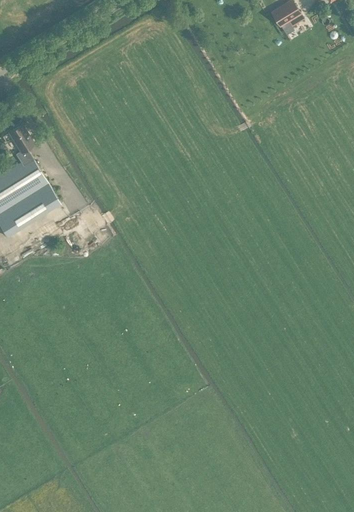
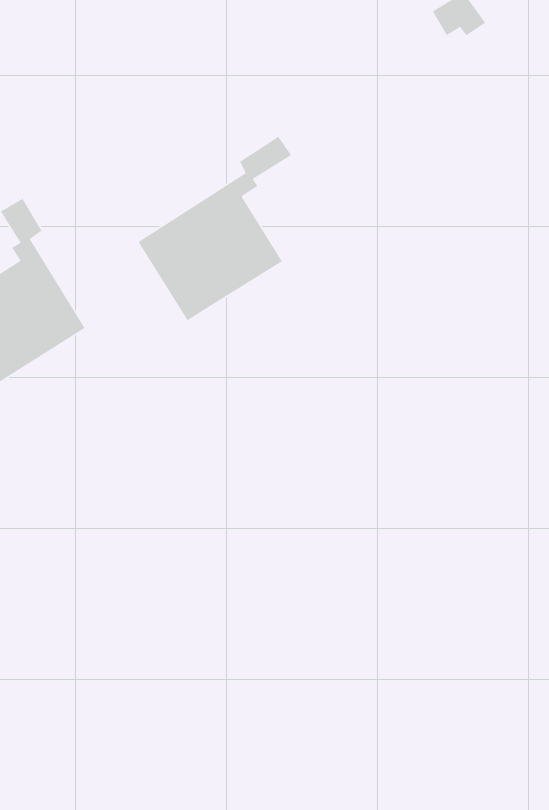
building: none -> [137,136,292,321]

